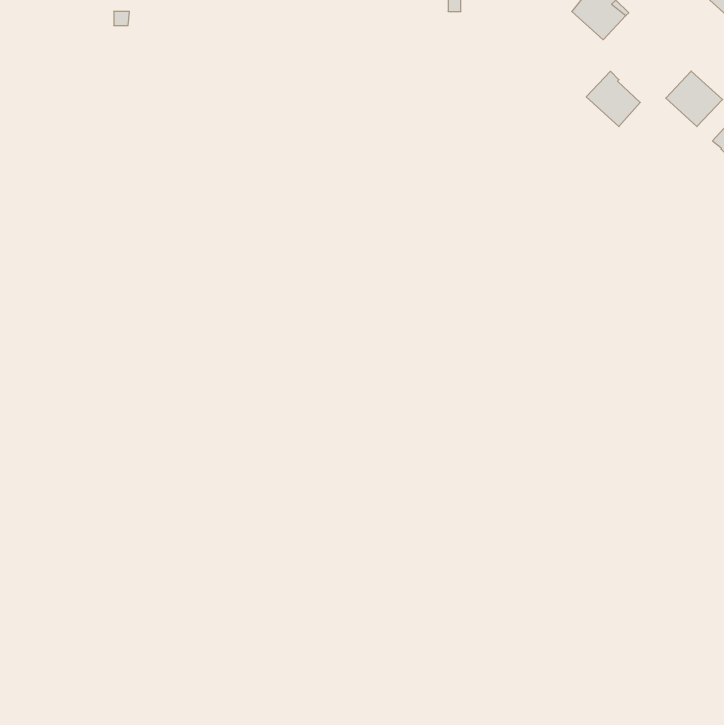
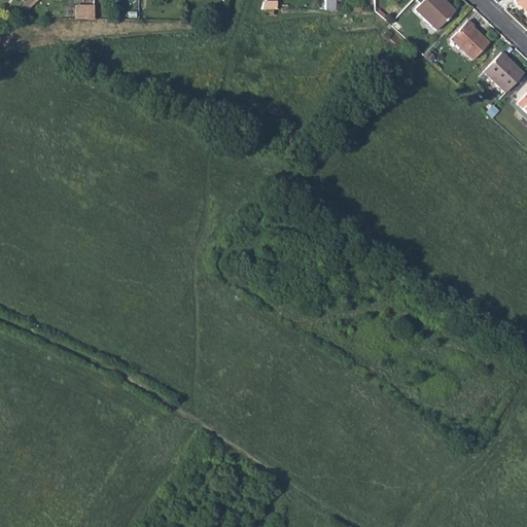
building: [586,71,640,127] -> [451,19,490,59]

